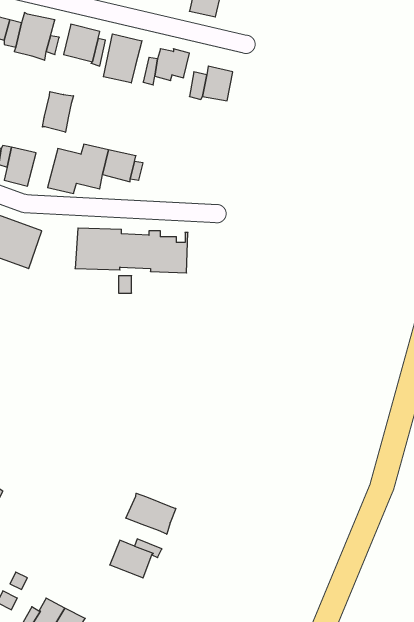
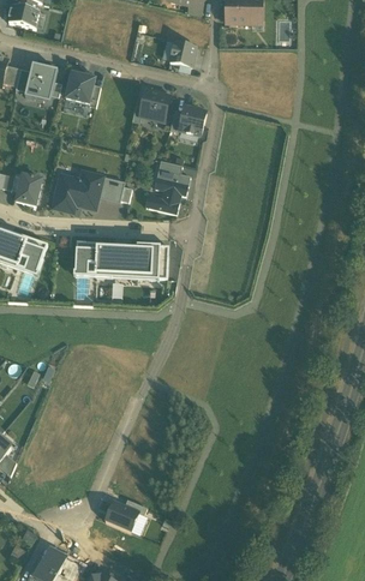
building: [103,34,142,83] -> none
building: [42,92,73,132] -> none
building: none -> [145,160,191,214]
building: [126,493,176,534] -> none

